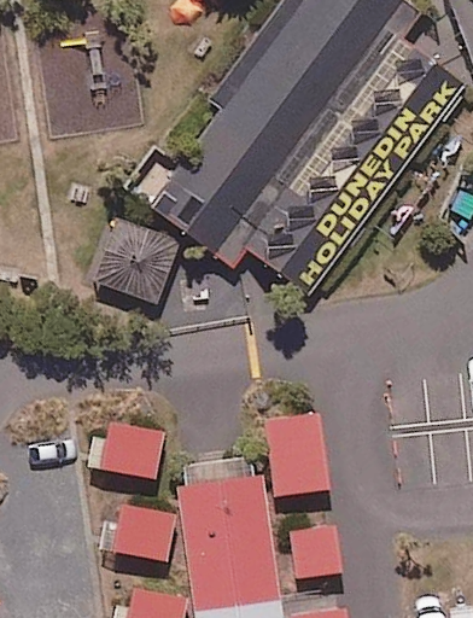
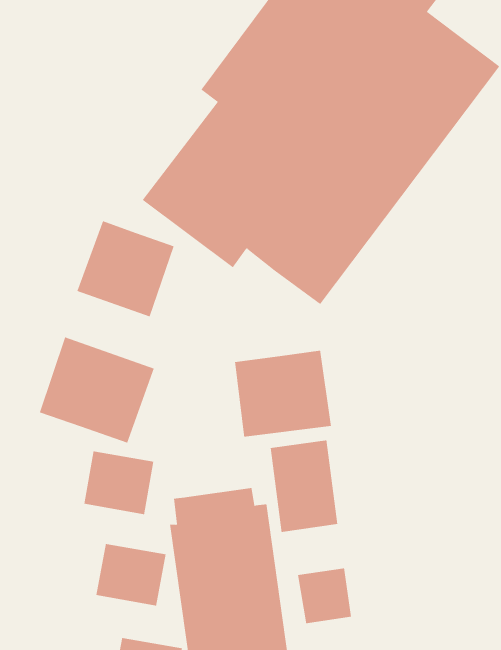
building: none -> [39,337,154,443]
building: none -> [235,350,331,438]

